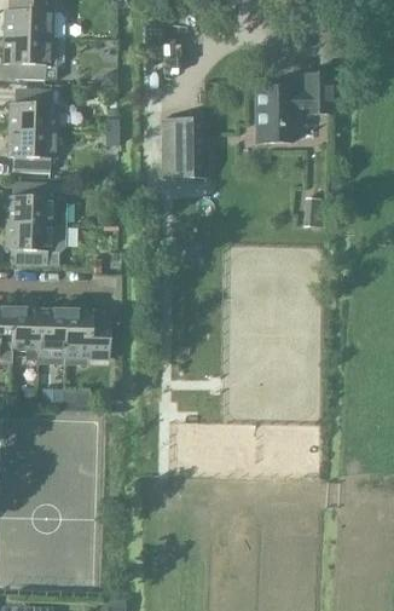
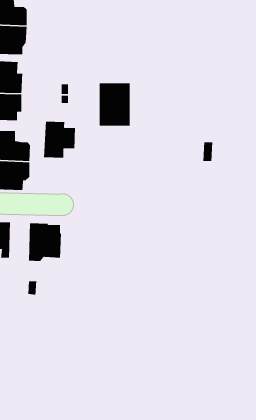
building: [254,73,331,142] -> none
building: none -> [43,121,76,159]
building: [40,309,66,363] -> none

